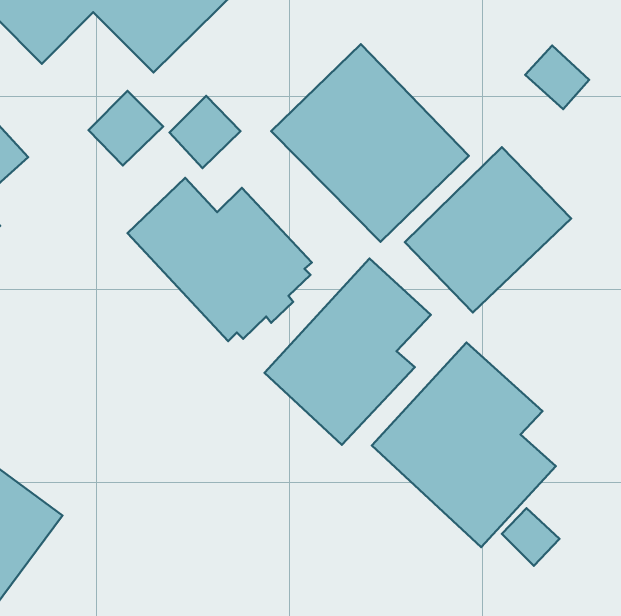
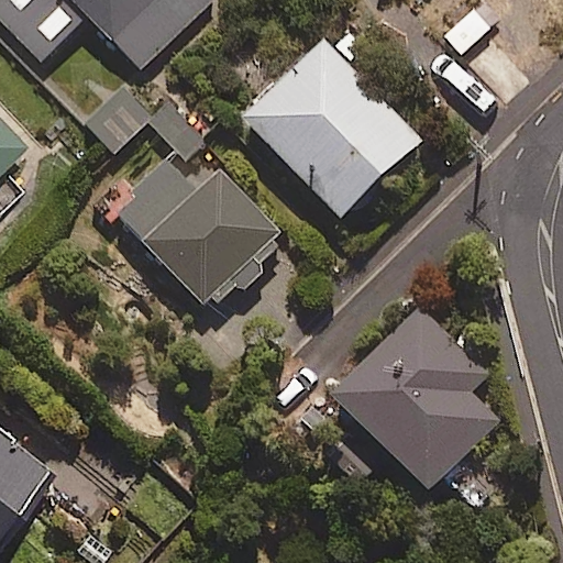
building: [405,147,571,312] -> none
building: [265,258,431,445] -> none

